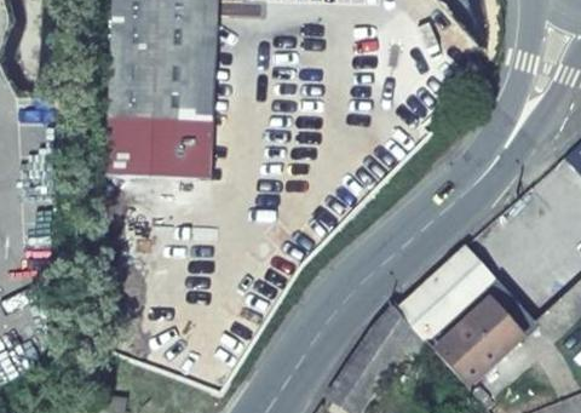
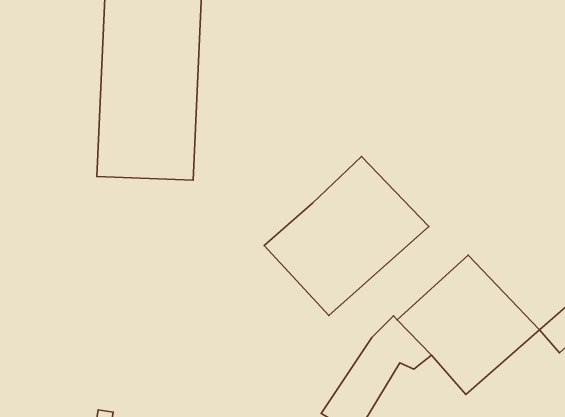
building: none -> [264,157,429,316]

